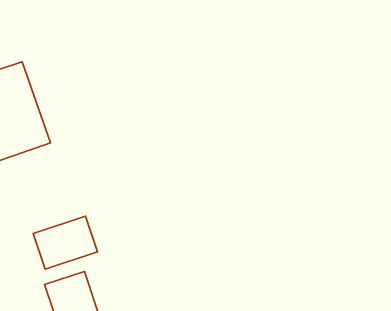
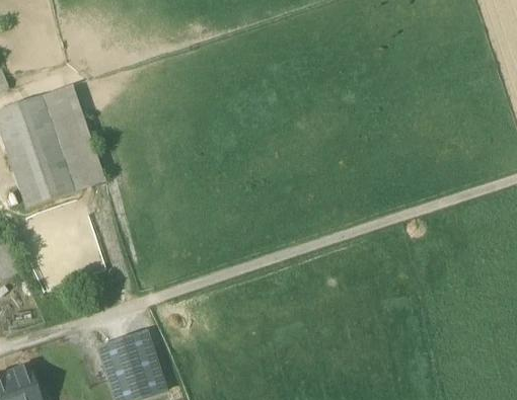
building: [33,216,98,269] -> none

